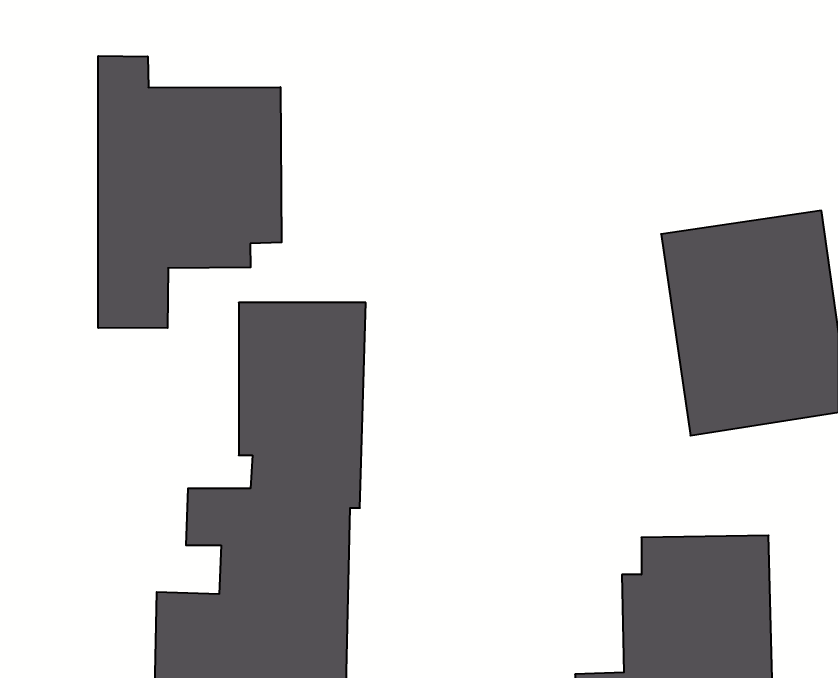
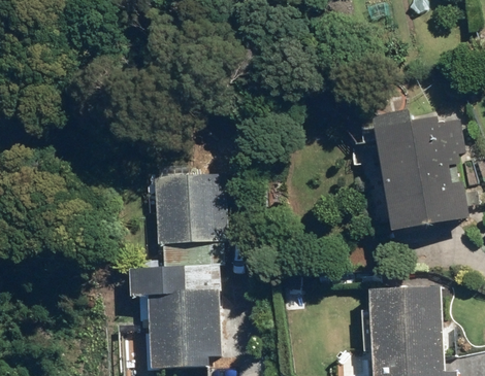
building: [98,56,282,328] -> none

